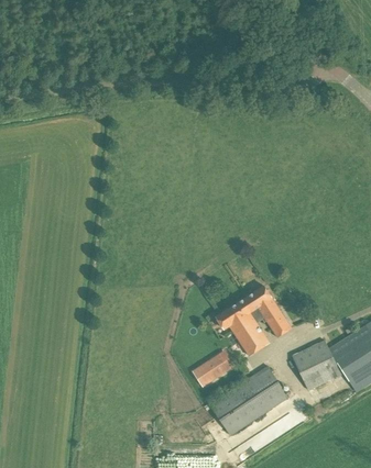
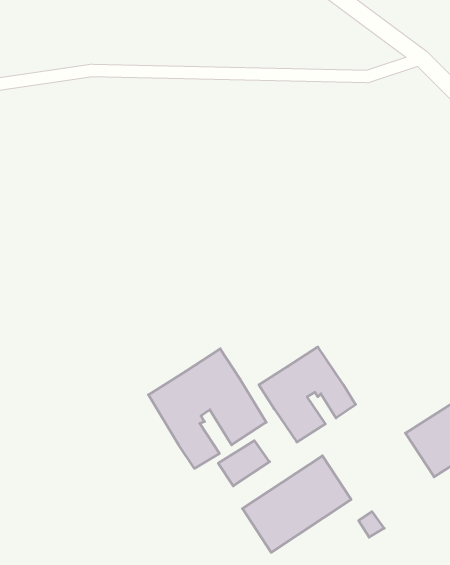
building: none -> [148,349,266,468]
building: [293,341,340,390] -> none

